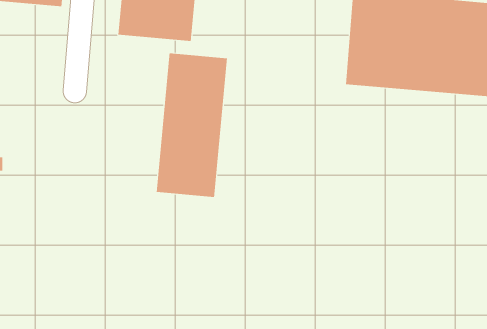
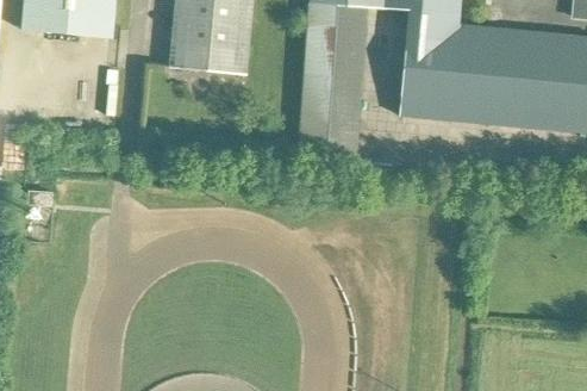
building: [156,53,228,198] -> none

